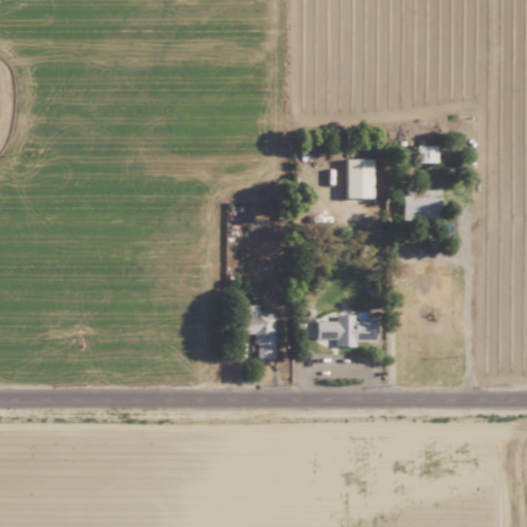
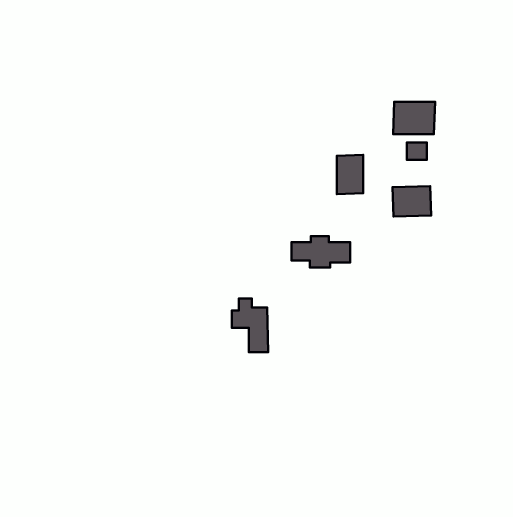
building: none -> [393,102,435,134]
building: [318,314,378,346] -> [292,236,350,268]

